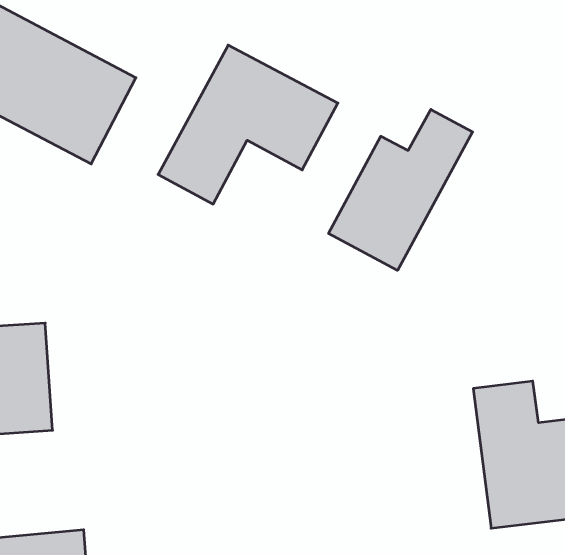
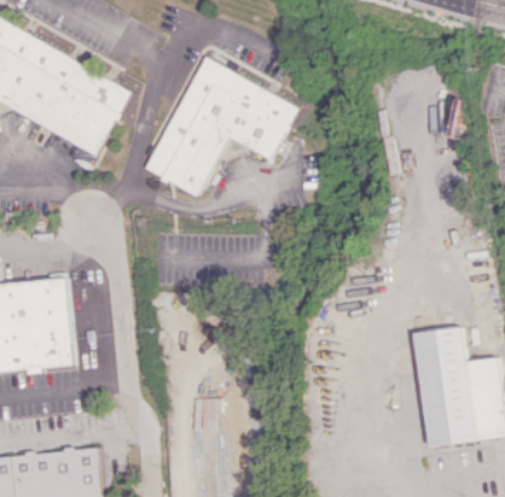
building: [329,109,473,270] -> none

